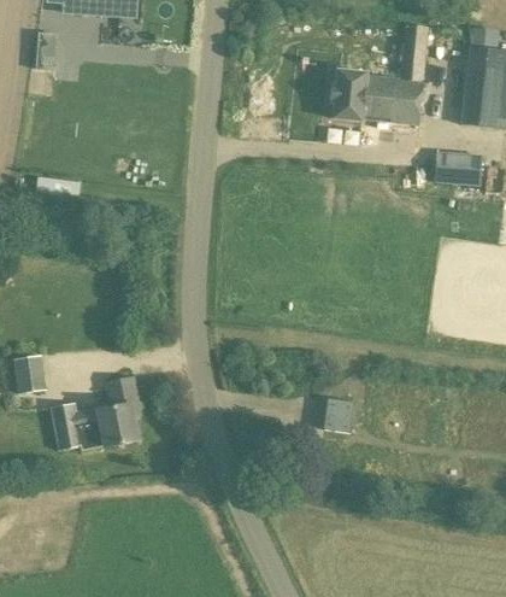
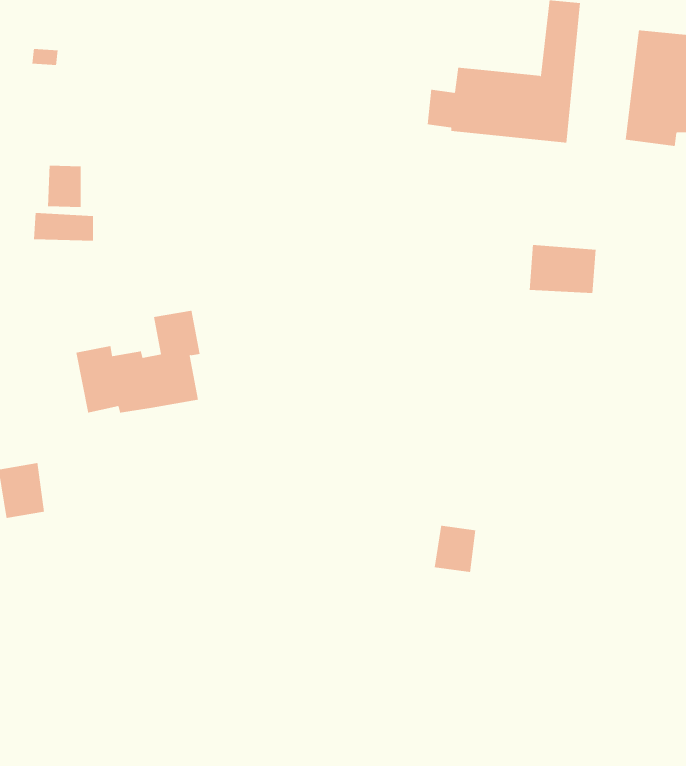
building: none -> [48,165,81,208]
building: [434,150,482,185] -> [529,245,596,294]
building: [49,376,139,450] -> [76,310,201,413]

